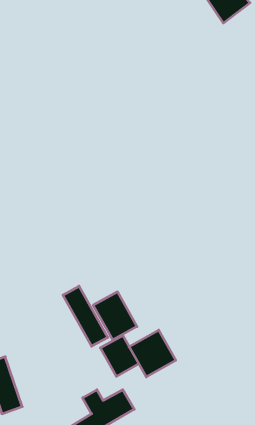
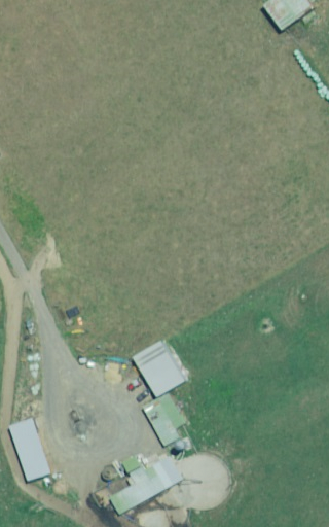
building: [63,286,108,346] -> none
building: [129,330,176,377] -> none

